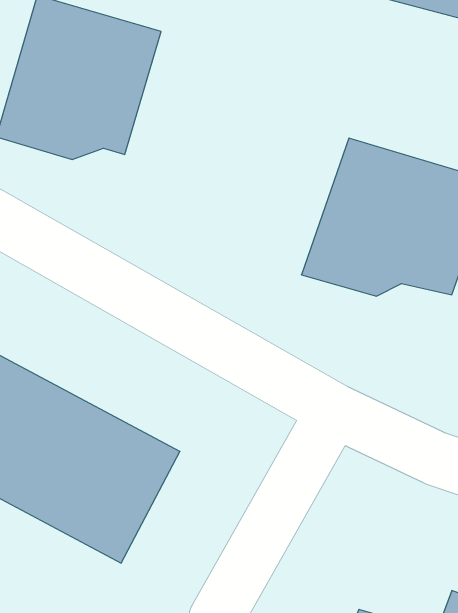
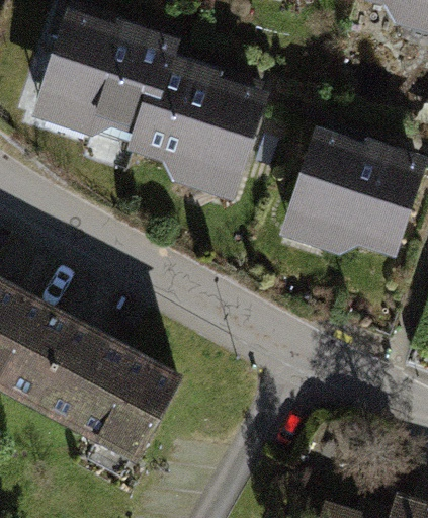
building: none -> [131,61,264,198]

